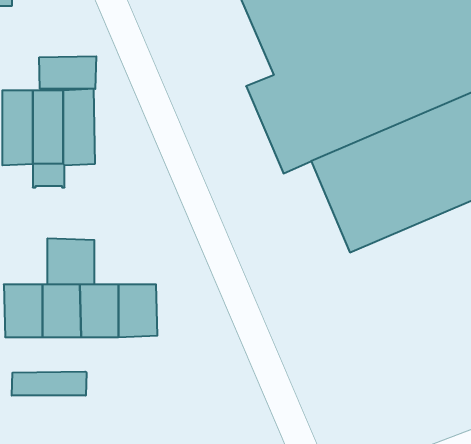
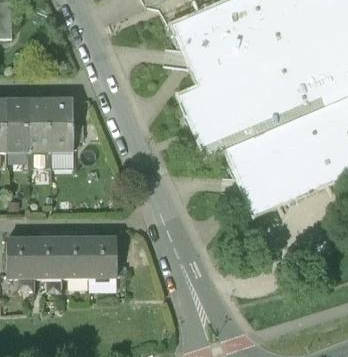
building: [39,56,96,89] -> none
building: [48,238,94,284] -> none
building: [12,372,87,396] -> none

